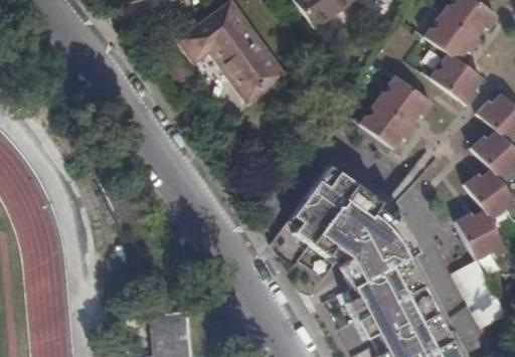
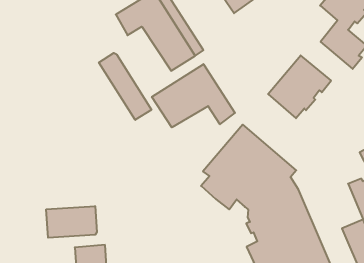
building: none -> [99,53,151,120]
building: none -> [152,64,235,127]
building: none -> [46,206,97,238]

